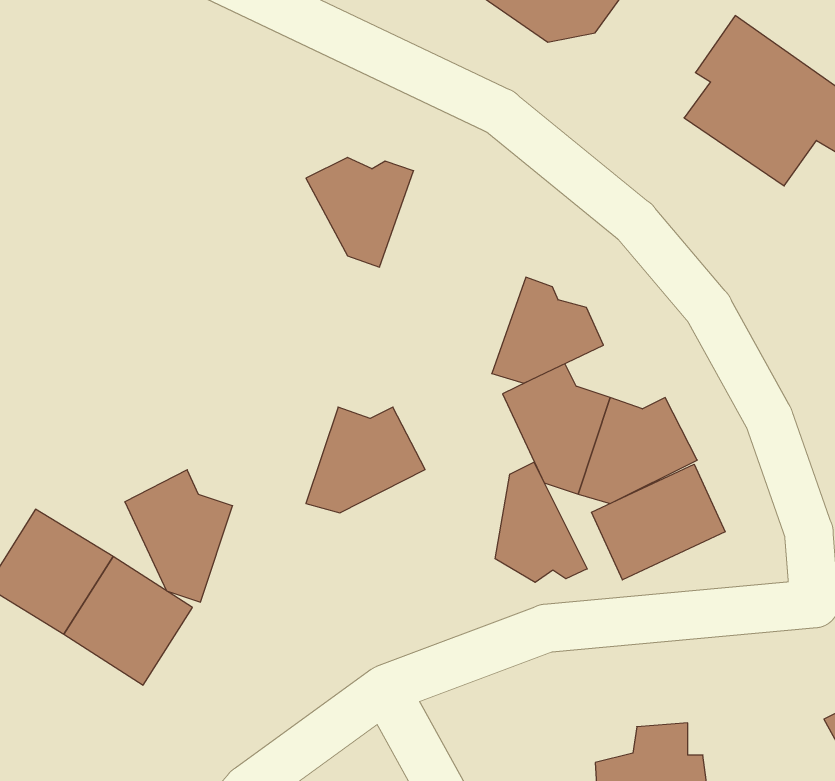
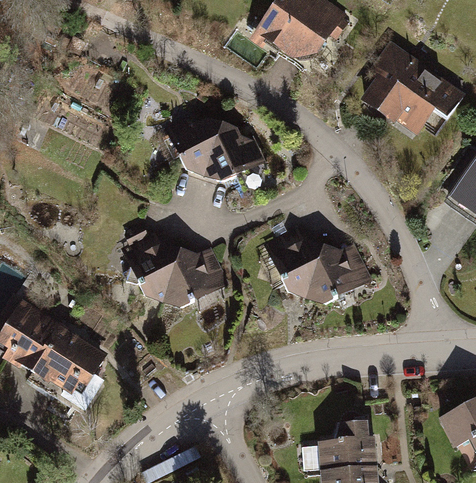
building: [492,277,603,383] -> [204,126,263,182]
building: [495,462,587,582] -> none
building: [592,464,725,580] -> none
building: [125,470,233,602] -> [125,232,182,302]

